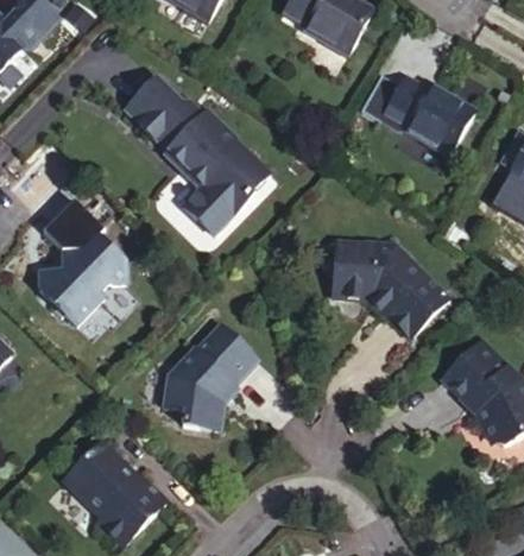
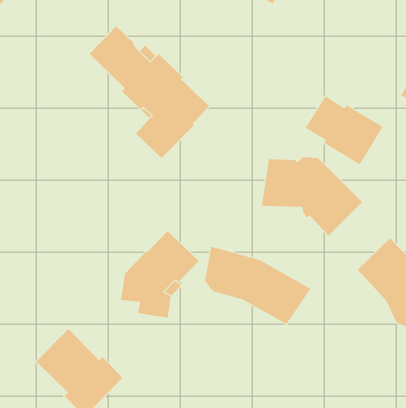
building: [379,77,472,159] -> [305,96,383,165]
building: [39,206,125,329] -> none
building: none -> [205,246,311,325]

